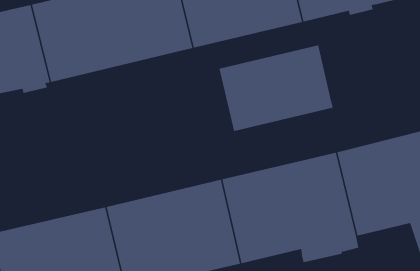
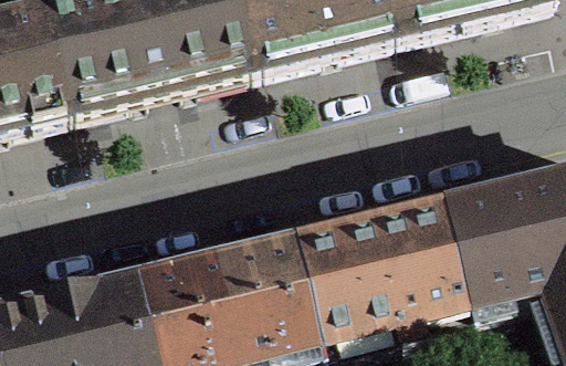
building: [219,44,334,132] -> none

